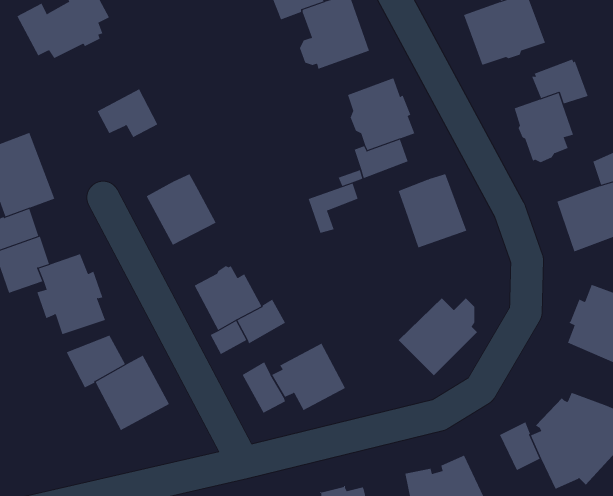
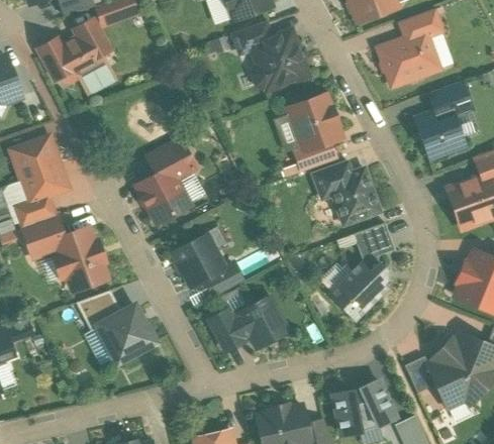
building: [97,88,158,138] -> [149,139,195,177]
building: [308,183,359,233] -> [313,159,352,198]
building: none -> [354,222,395,270]

